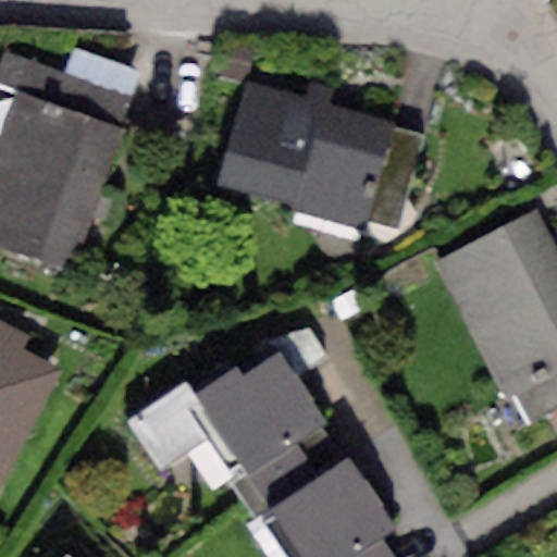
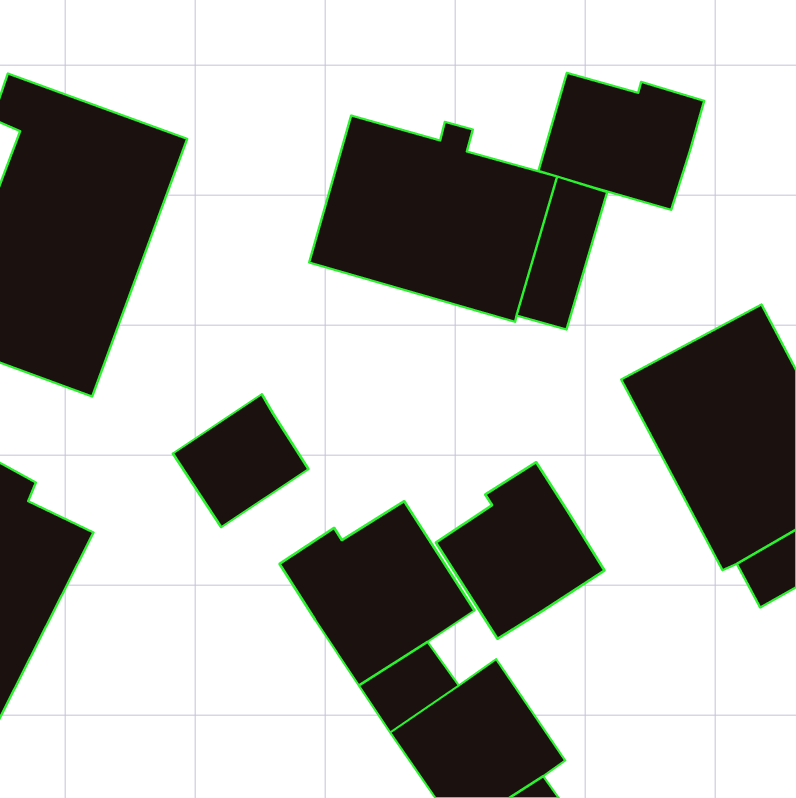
building: none -> [538,73,704,210]
building: none -> [436,462,604,639]
building: [125,380,220,472] -> [173,394,309,527]

